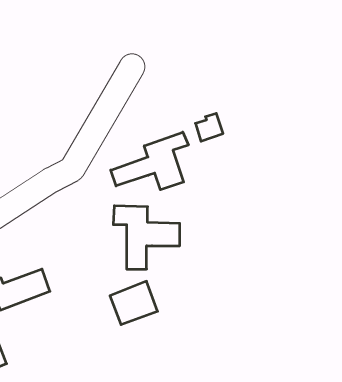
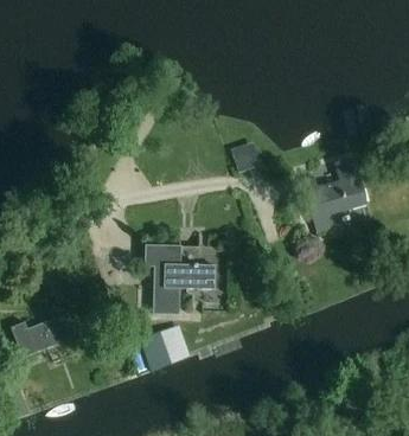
building: none -> [303,154,366,230]
building: [111,132,188,190] -> none

